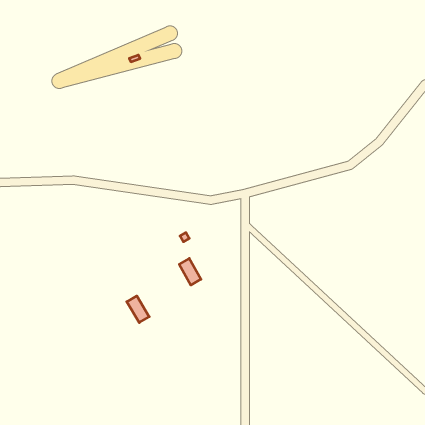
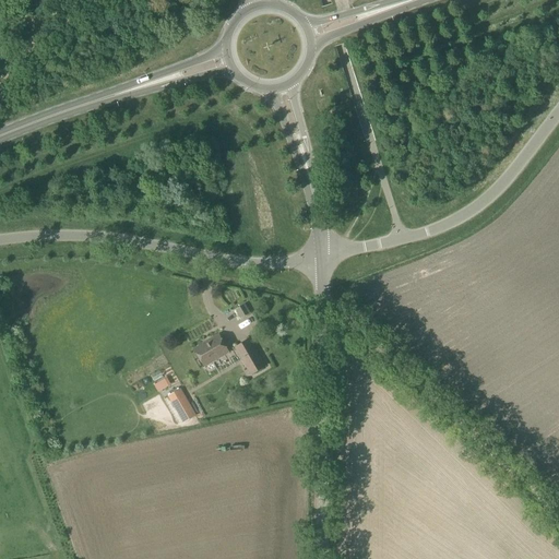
building: none -> [193,334,227,365]

